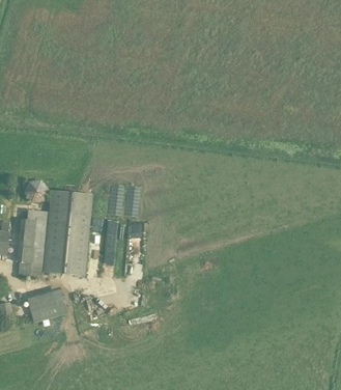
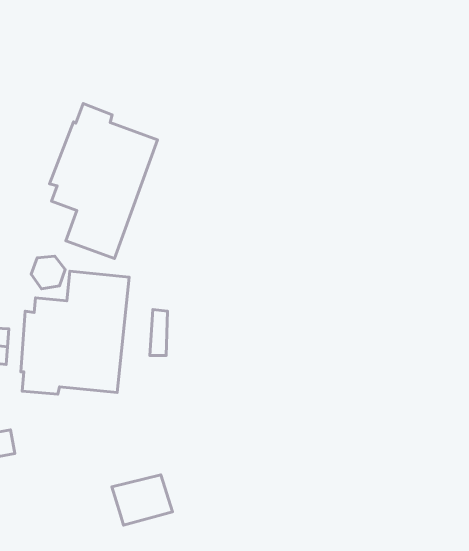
building: none -> [49,103,158,259]
building: [25,287,67,323] -> [112,475,173,525]

